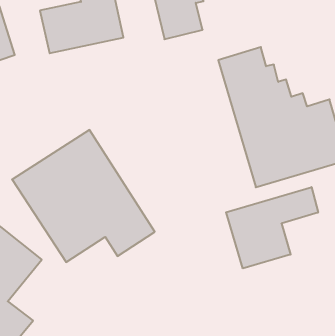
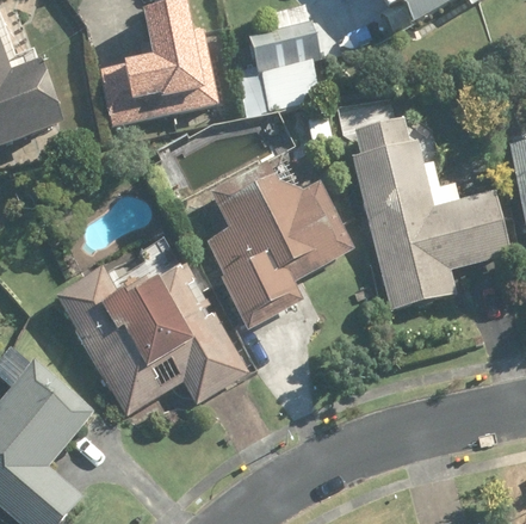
building: none -> [205,164,358,332]
building: [226,187,318,268] -> none

